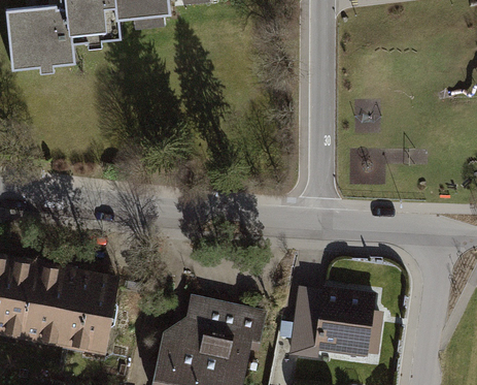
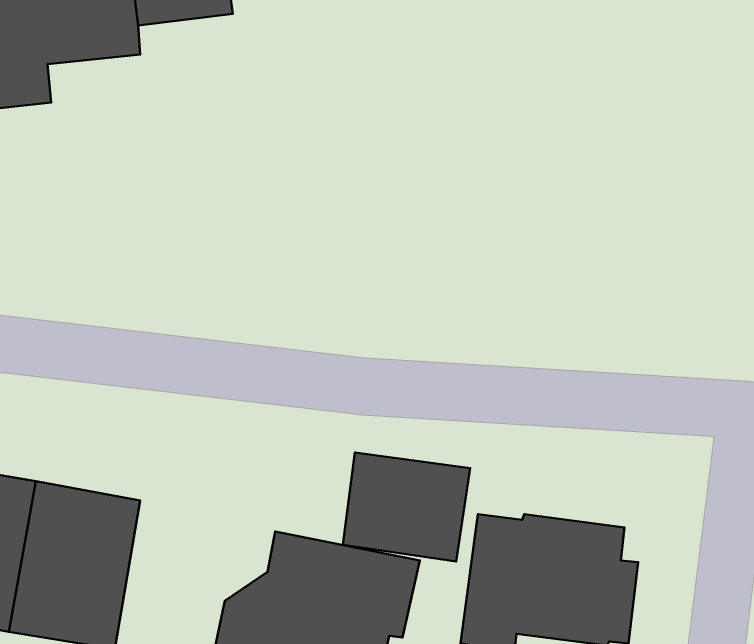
building: none -> [343,453,470,562]

